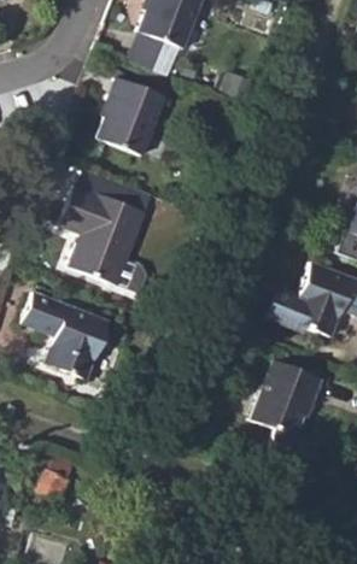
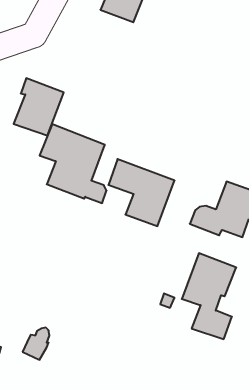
building: [128,30,185,76] -> none
building: [99,77,166,154] -> [14,78,64,136]
building: [22,289,111,380] -> [108,159,175,226]

